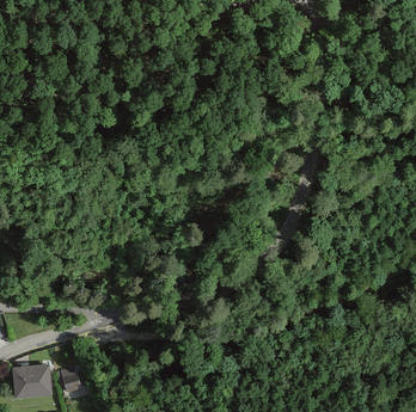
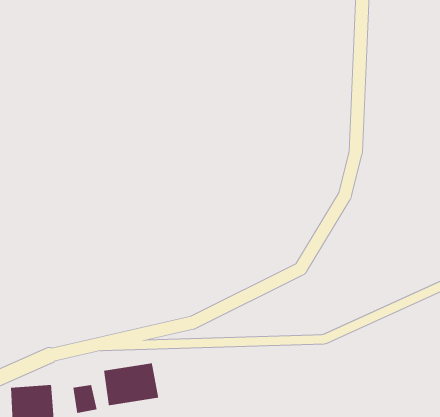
building: none -> [104,363,159,406]

